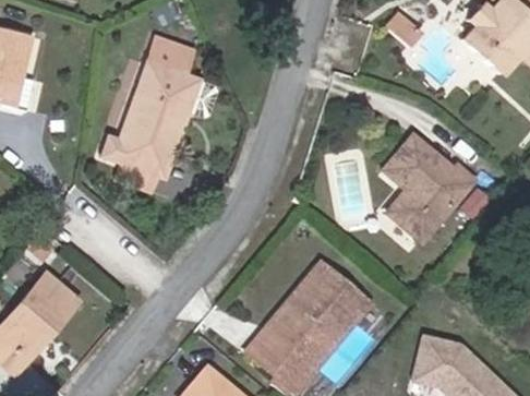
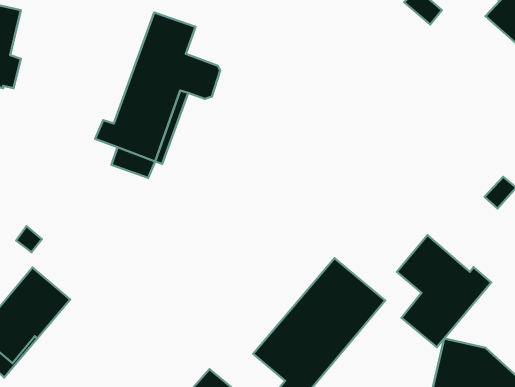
building: [385,135,472,239] -> [397,235,491,347]

